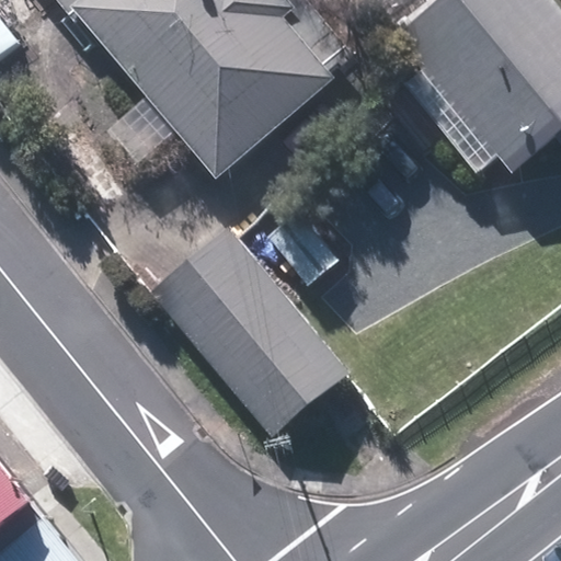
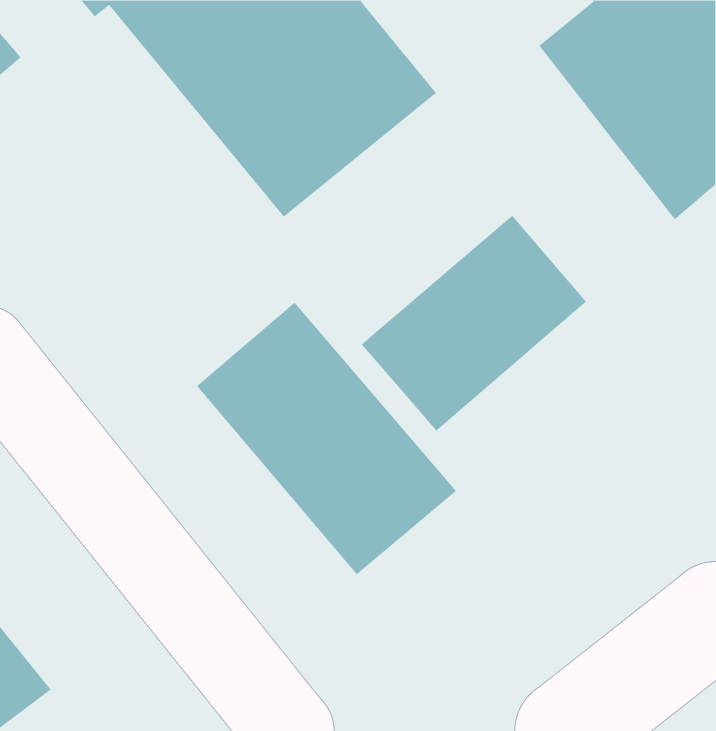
building: none -> [361,215,587,431]

